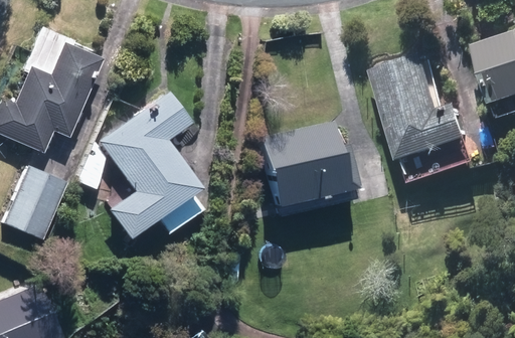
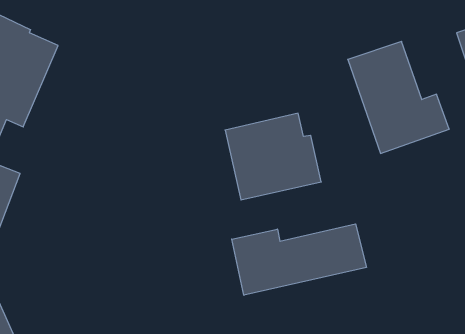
building: [99,95,199,239] -> none
building: none -> [232,224,366,295]

